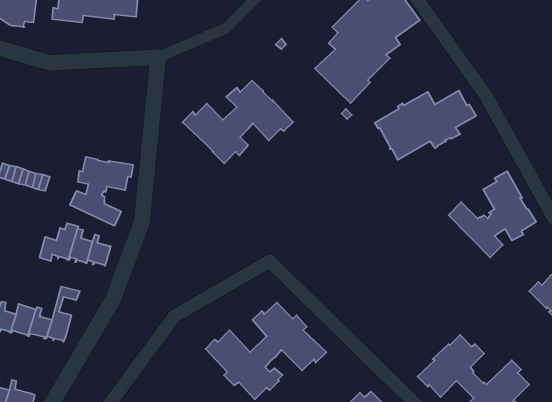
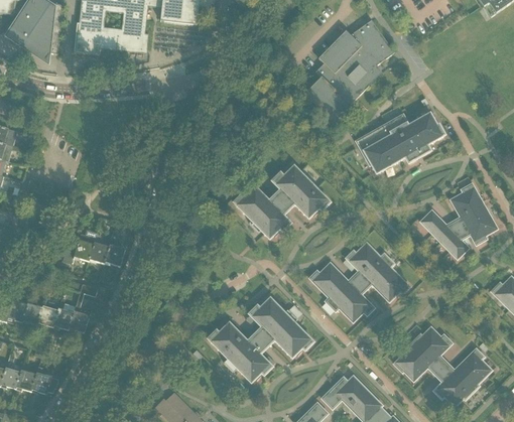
building: [183,81,293,164] -> [232,166,329,239]
building: [70,157,133,226] -> none
building: none -> [308,243,408,321]

